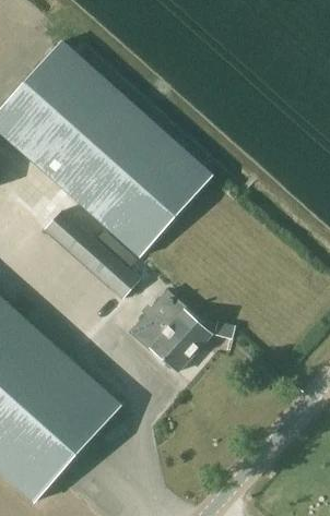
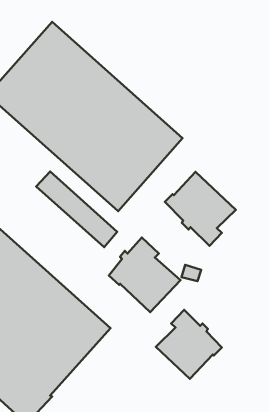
building: none -> [165,172,236,246]
building: none -> [156,310,222,379]

